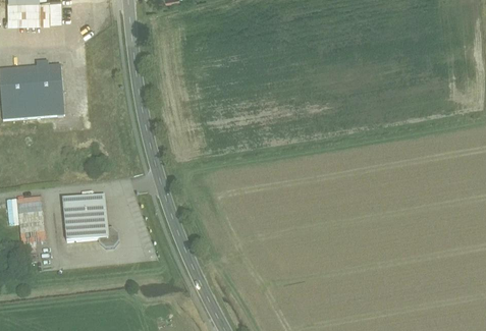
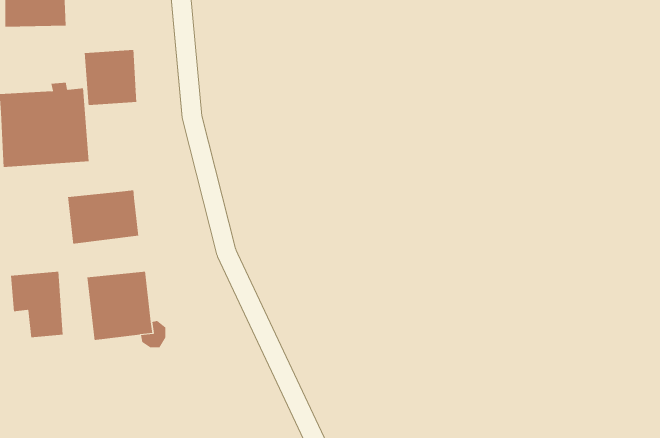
building: none -> [84,49,137,106]
building: none -> [68,189,139,245]

